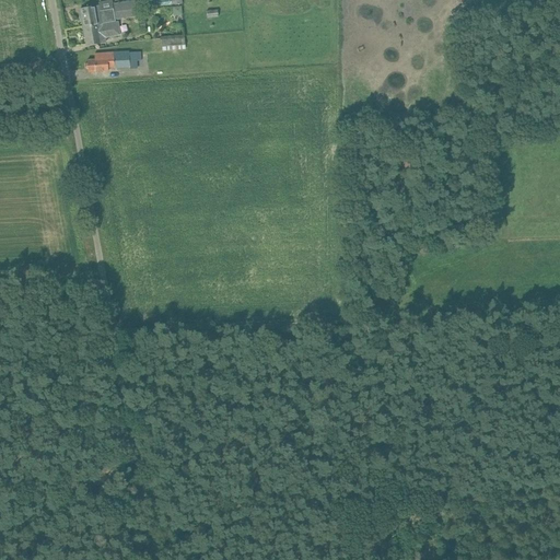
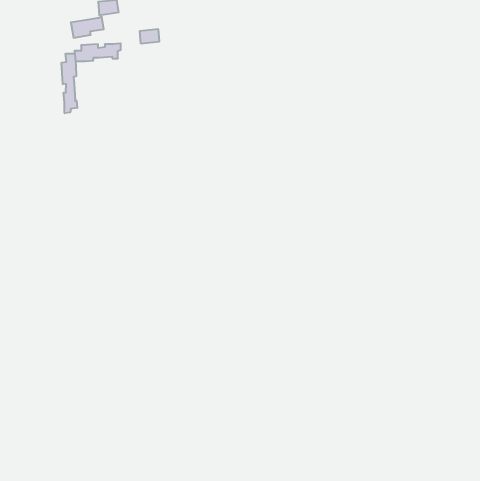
building: [81,4,117,26] -> none
building: none -> [62,53,77,113]

